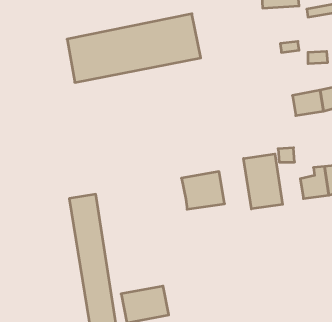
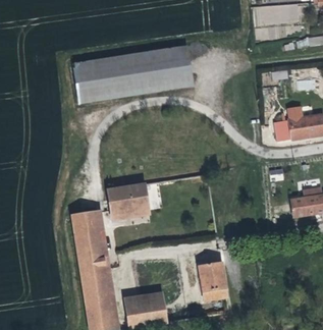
building: [244,154,283,209] -> none
building: [181,172,225,209] -> [111,181,151,216]
building: none -> [198,263,226,301]

